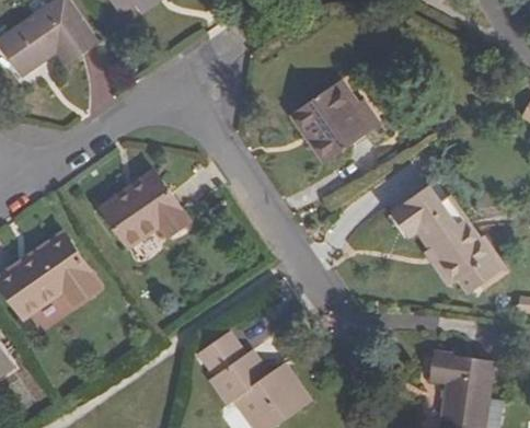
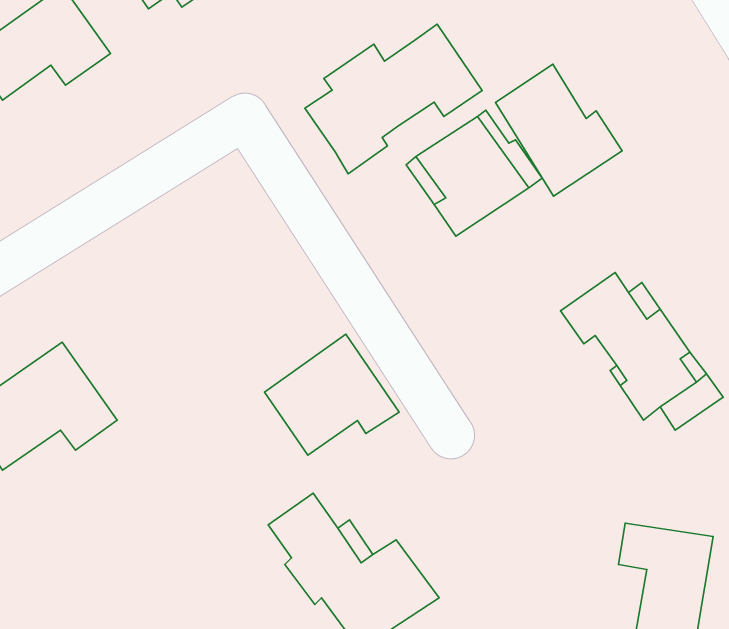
building: none -> [305,24,482,174]
building: none -> [496,64,622,196]
building: [101,171,189,251] -> [265,334,399,455]

